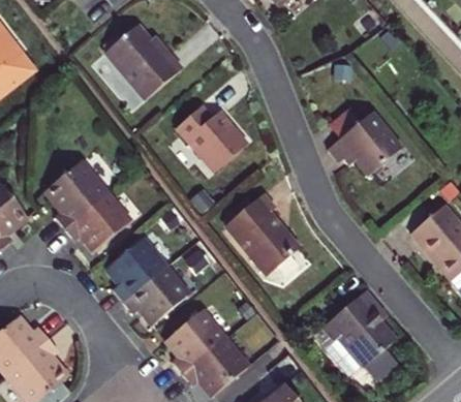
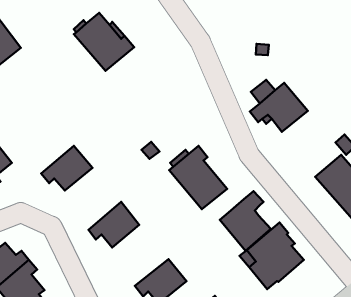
building: [177,106,248,172] -> none
building: [44,161,105,228] -> none
building: [107,238,165,300] -> none
building: none -> [220,191,271,251]
building: [167,309,225,371] -> none

